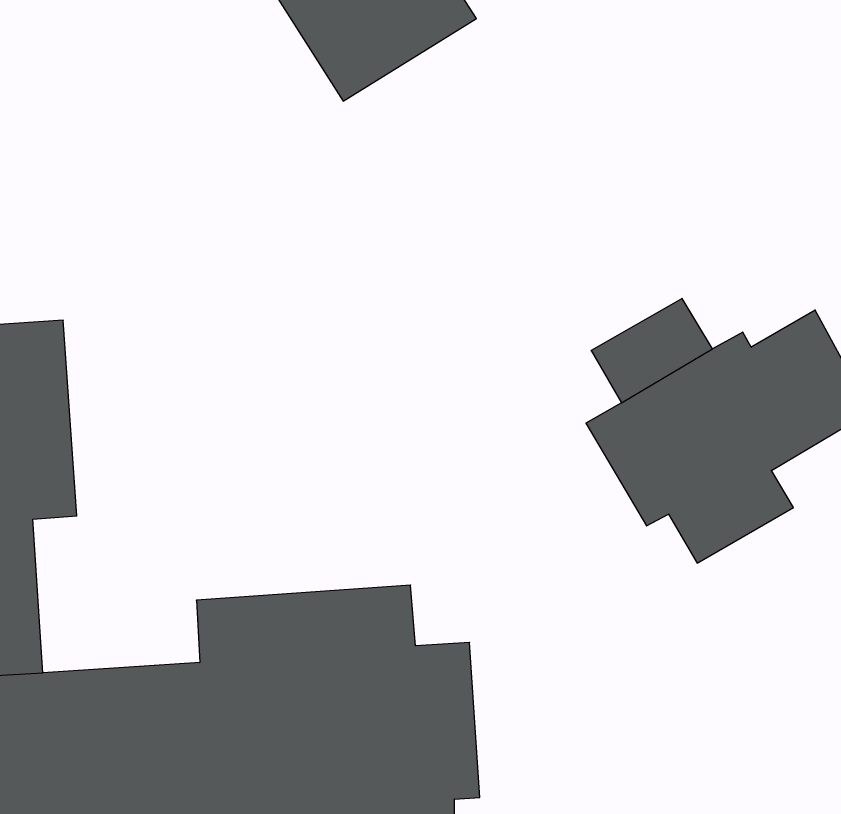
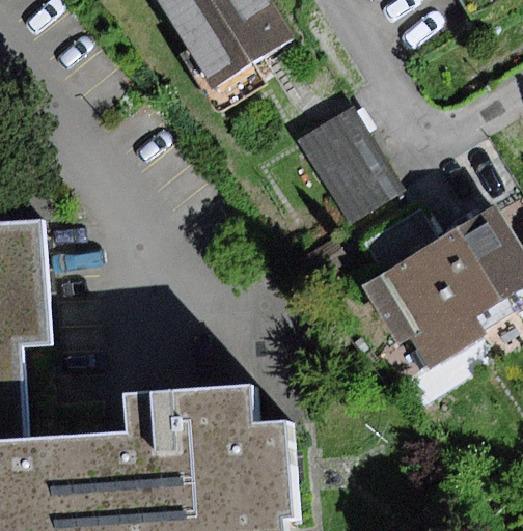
building: none -> [300,110,404,225]

